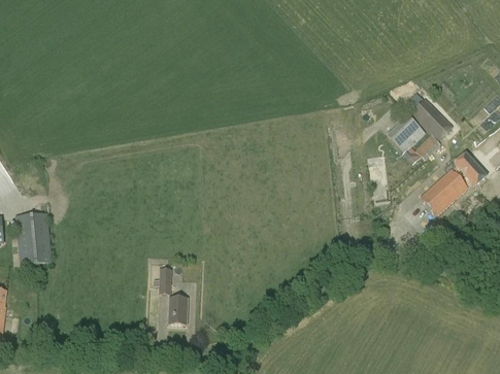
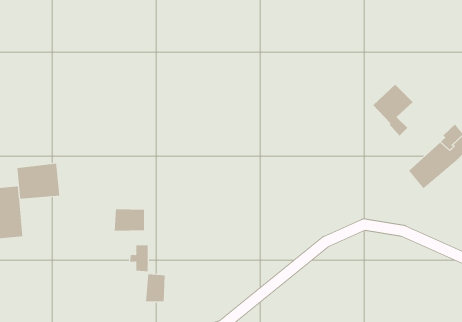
building: [405,91,455,139] -> none
building: none -> [17,163,60,199]
building: none -> [114,208,145,232]

